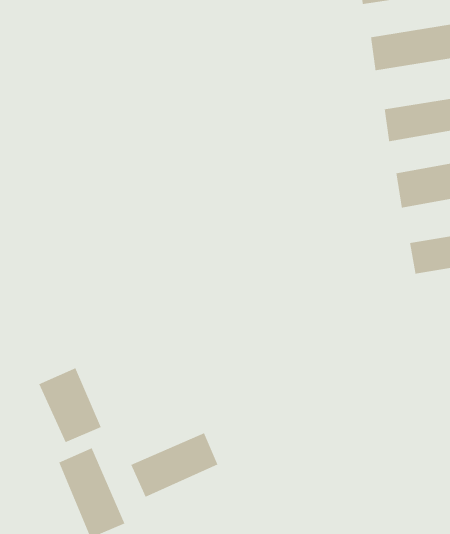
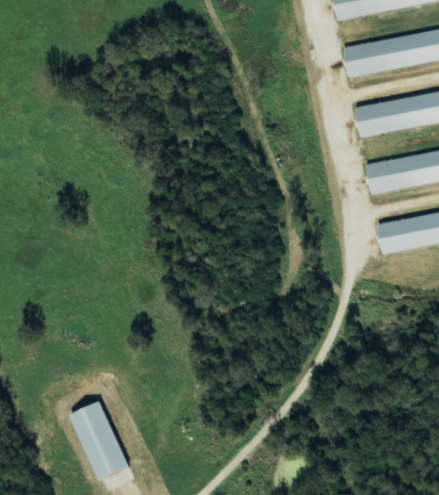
building: [38,367,102,443] -> none
building: [130,432,219,498] -> none

